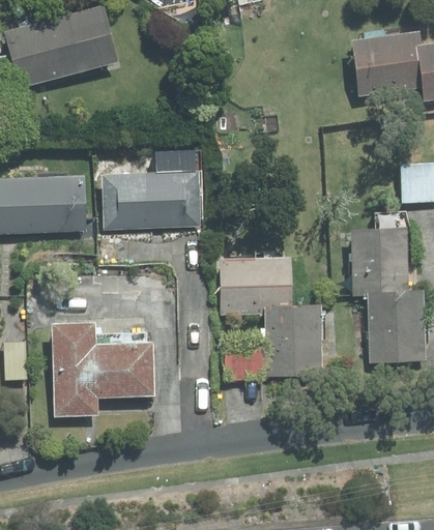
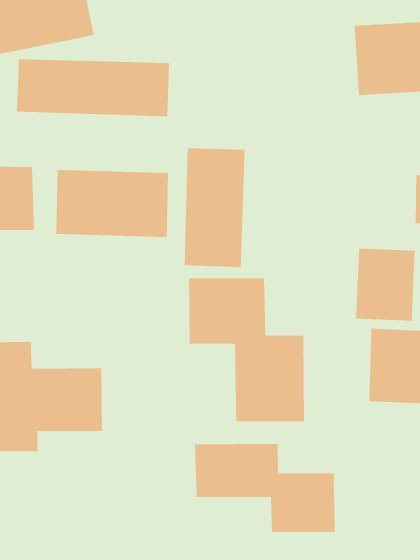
building: none -> [17,59,169,117]
building: none -> [184,148,245,268]
building: none -> [195,443,335,533]

